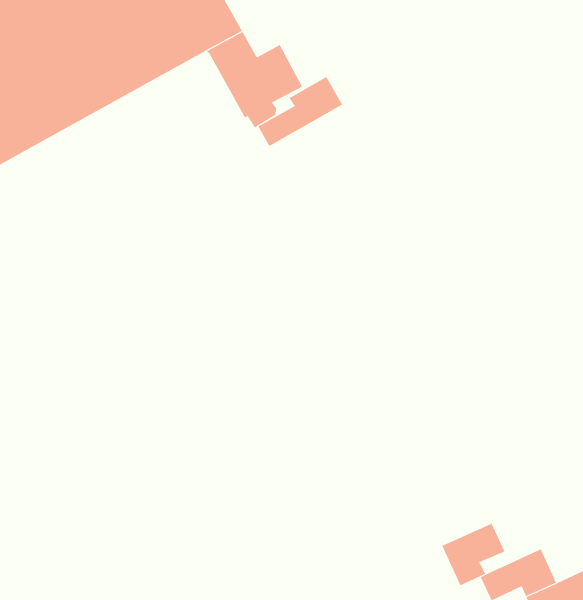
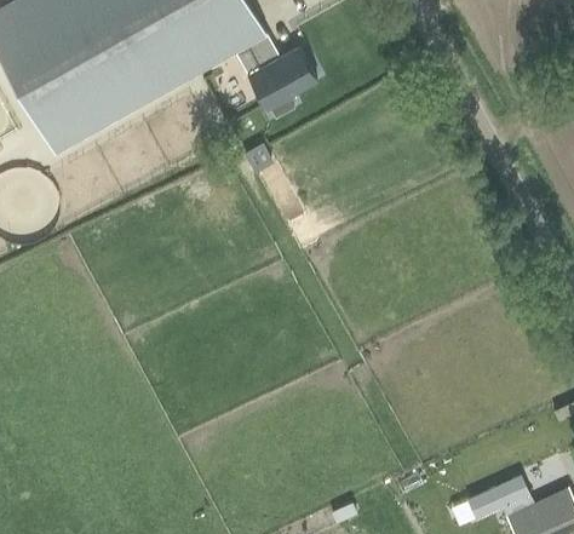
building: [258,76,343,147] -> none
building: [441,523,505,586] -> none

